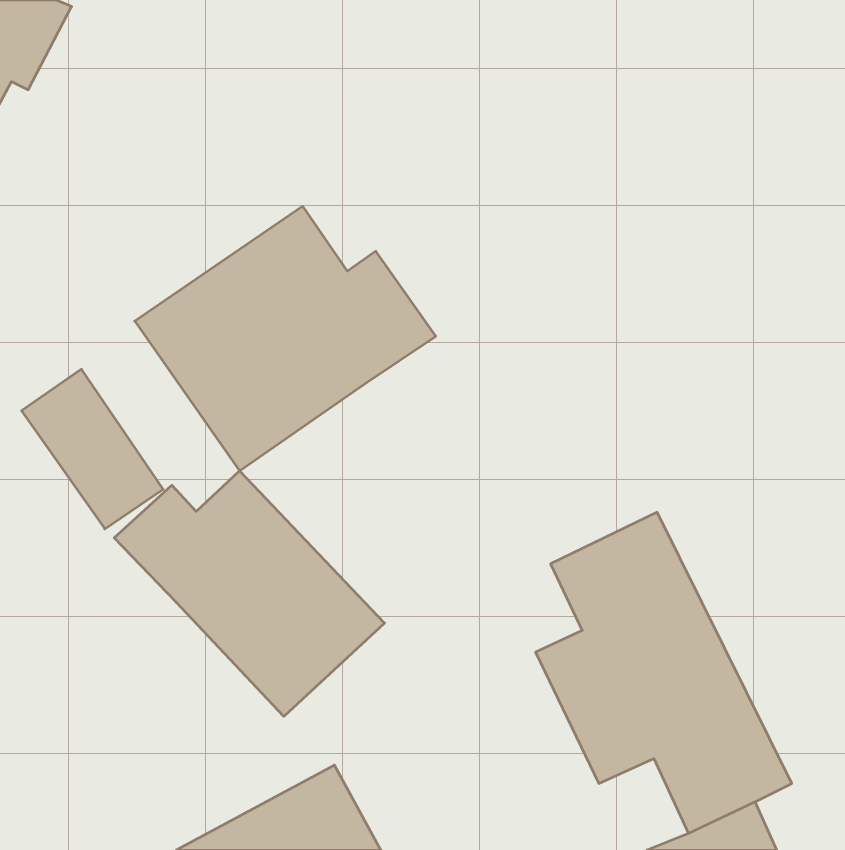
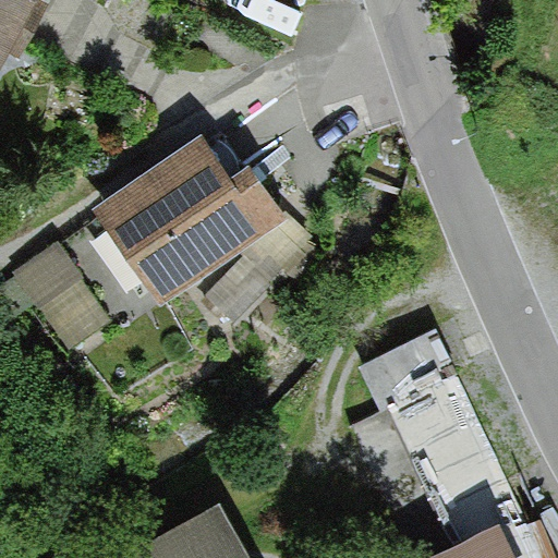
building: none -> [203,216,318,327]
building: [114,471,385,716] -> none

